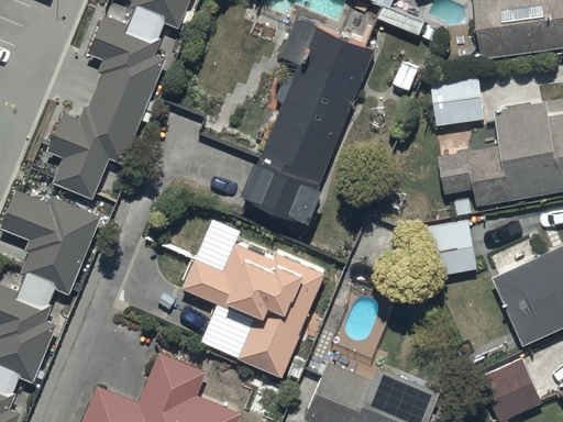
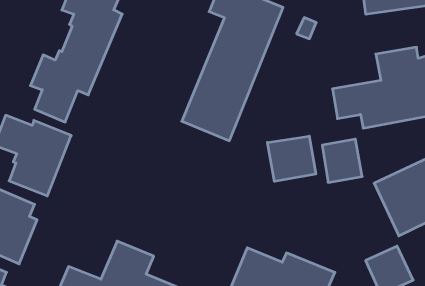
building: [430,74,484,126] -> none
building: none -> [267,136,316,181]
building: [181,243,325,378] -> none

